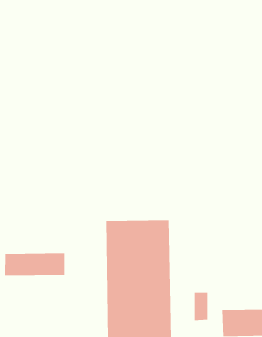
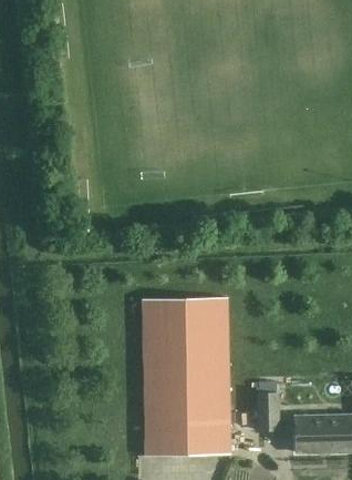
building: [5,253,65,276] -> none

